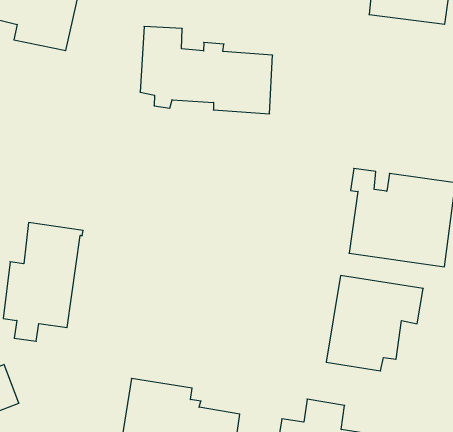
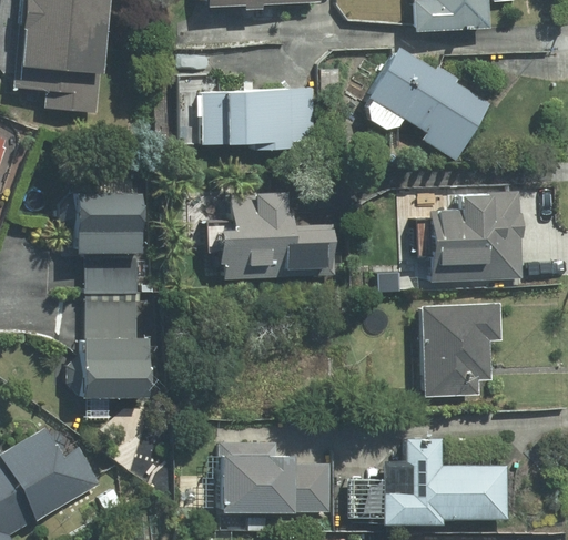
building: none -> [363,47,491,161]
building: none -> [67,194,141,292]
building: none -> [209,192,337,279]

